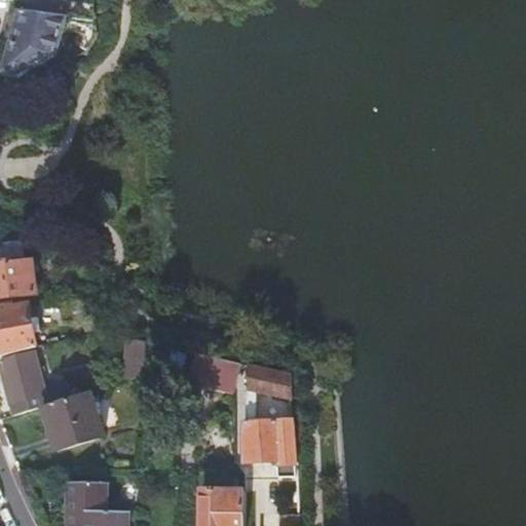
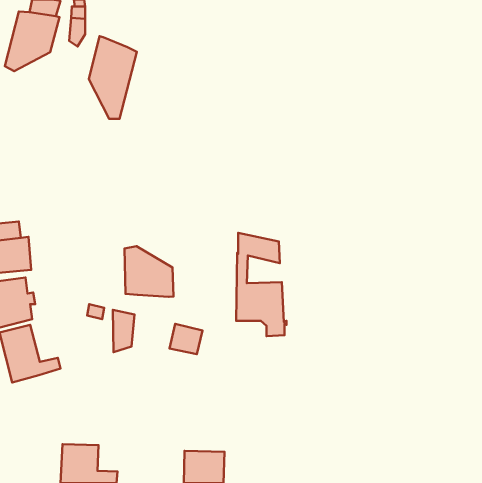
building: none -> [89,36,137,119]
building: none -> [124,246,174,297]
building: [242,365,297,477] -> [236,233,287,336]
building: [42,392,103,451] -> none

